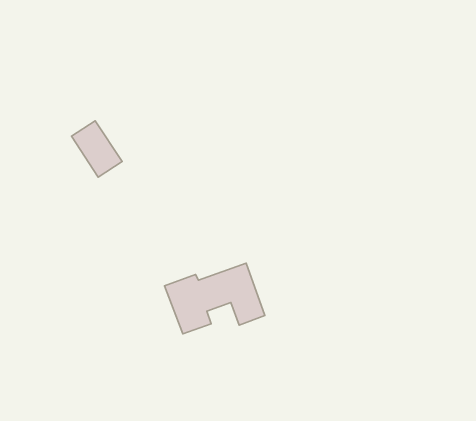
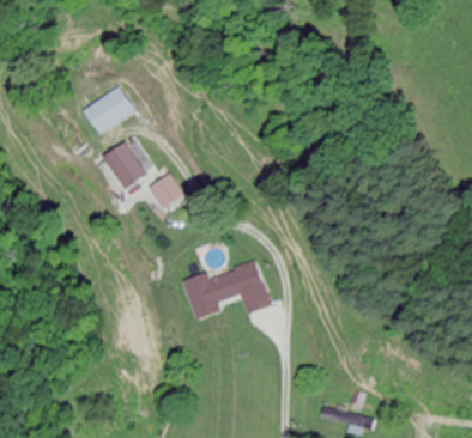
building: none -> [81,86,132,134]
building: none -> [147,170,183,207]

